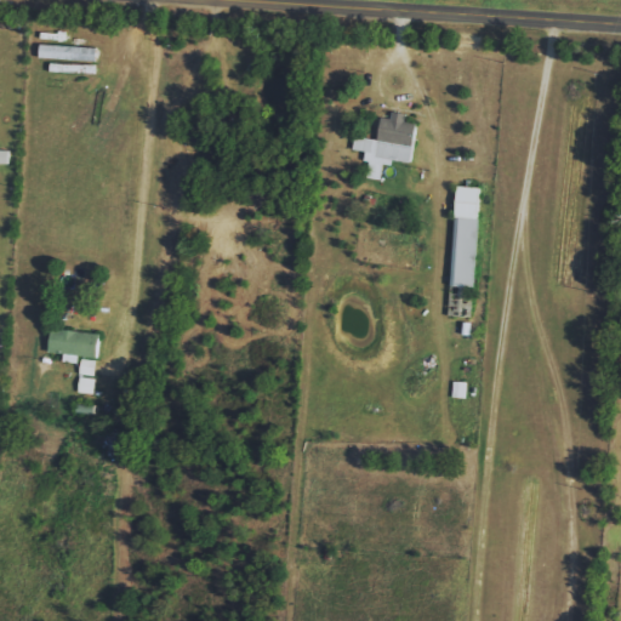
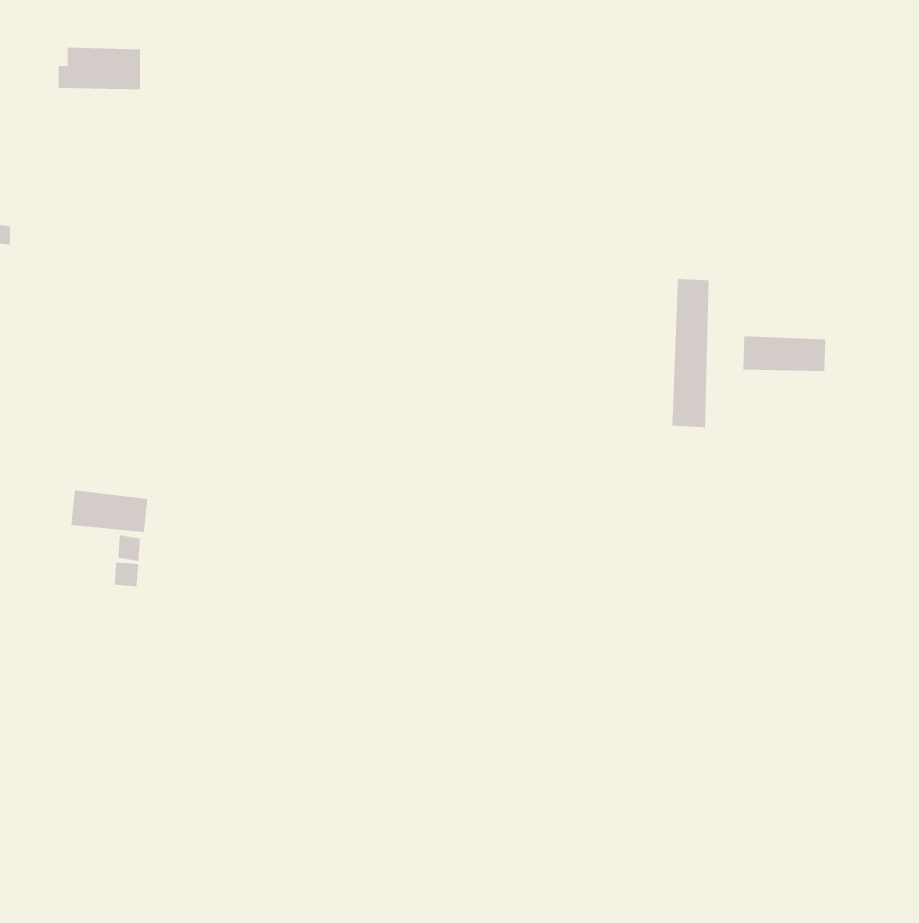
building: [352,112,415,180] -> none
building: none -> [742,336,826,372]

